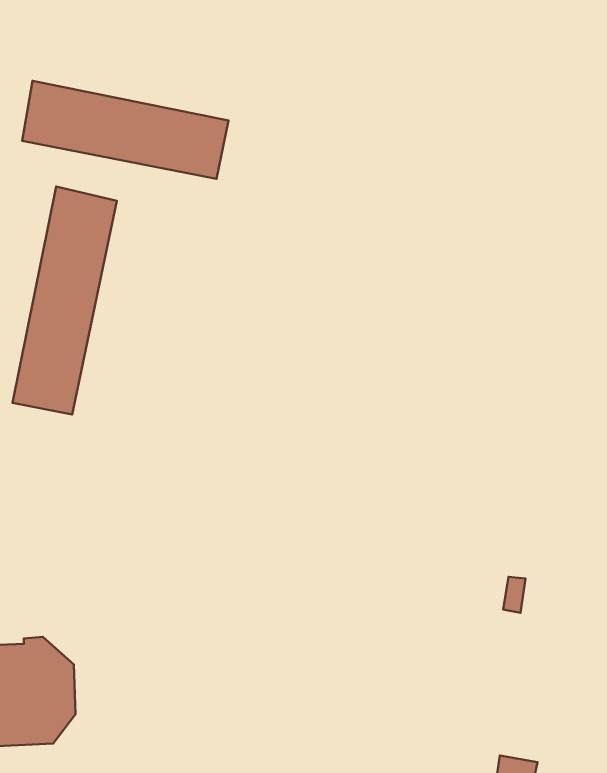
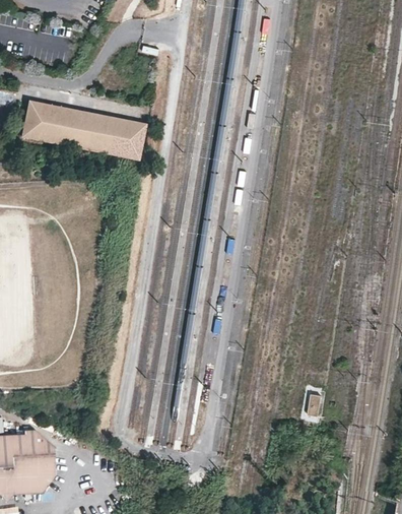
building: [12,187,117,415] -> none

